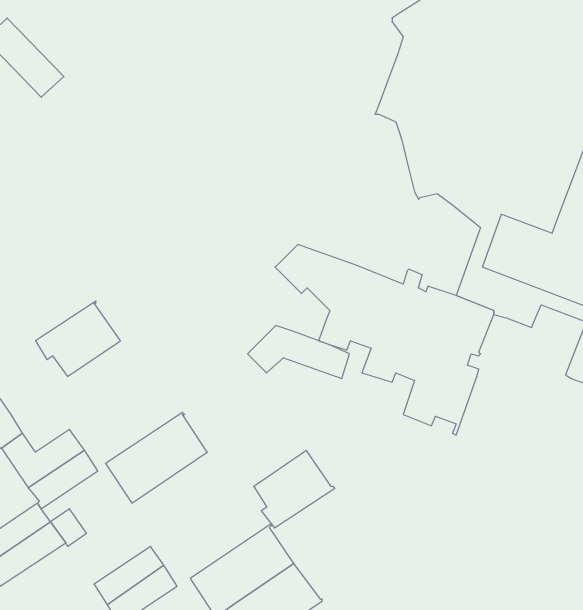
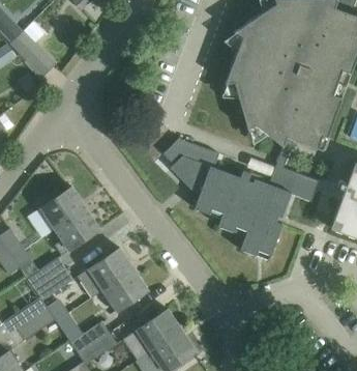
building: [248,326,349,378] -> [162,139,218,168]
building: none -> [55,209,99,256]
building: [254,450,335,528] -> [103,270,148,313]

